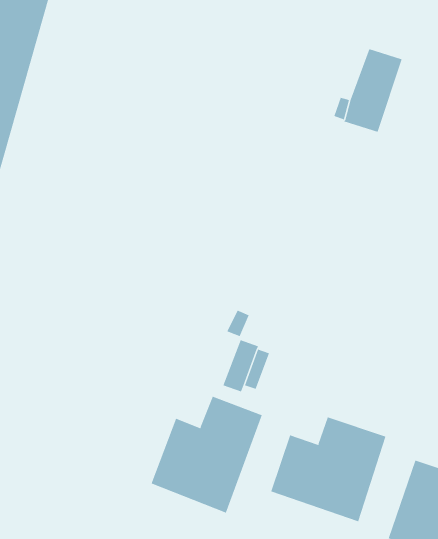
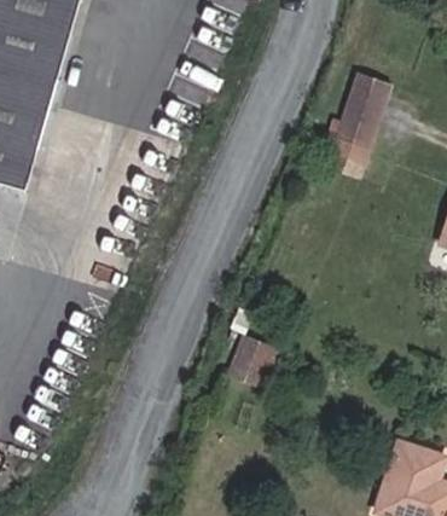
building: [151,396,263,513] -> none
building: [271,417,386,522] -> none

